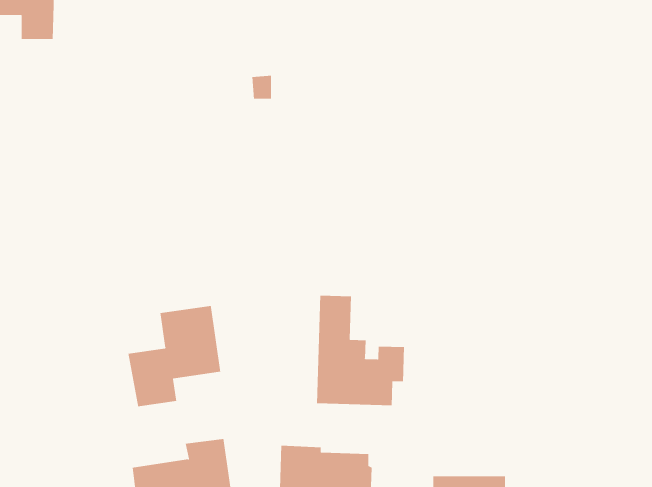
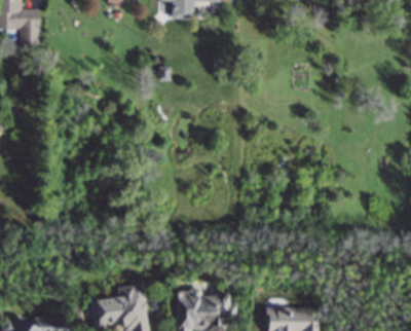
building: [317,295,405,406] -> none
building: [128,305,221,407] -> none

